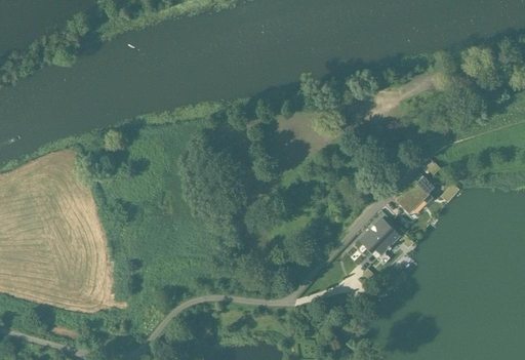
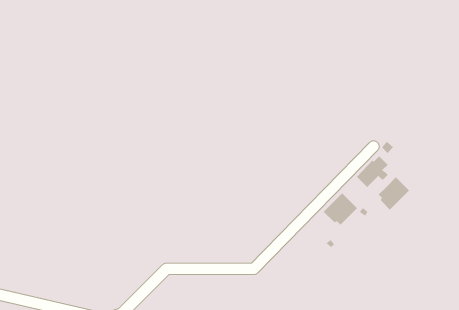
building: none -> [378,177,410,210]

